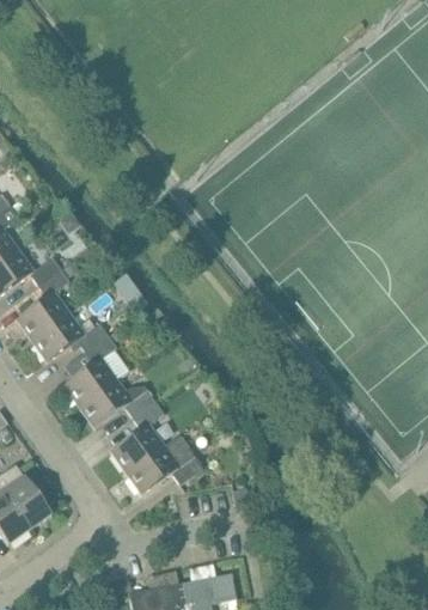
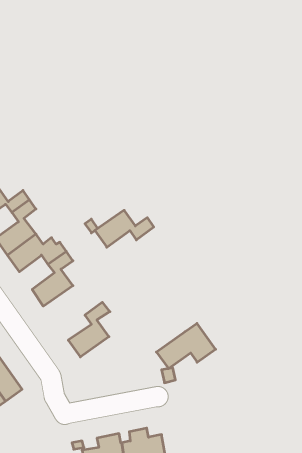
building: [78,379,154,427] -> [95,210,154,247]
building: [126,434,202,493] -> [156,323,216,369]

